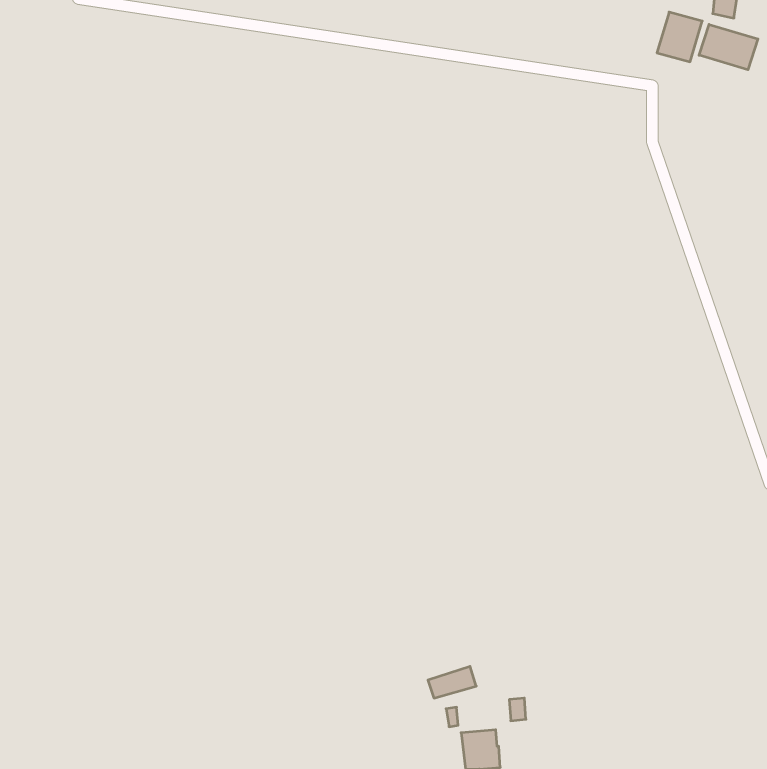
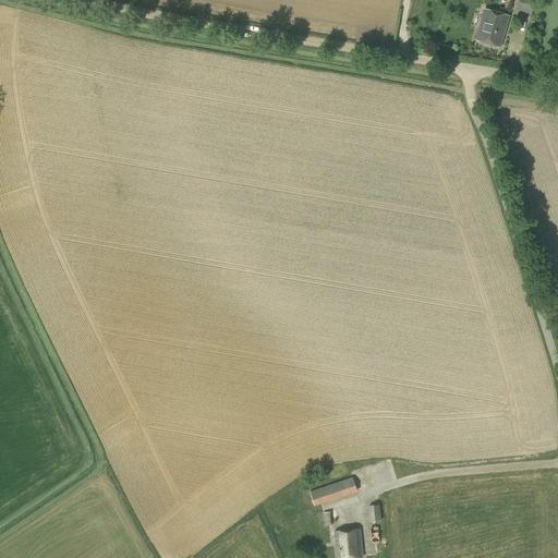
building: [699,24,758,70] -> none

